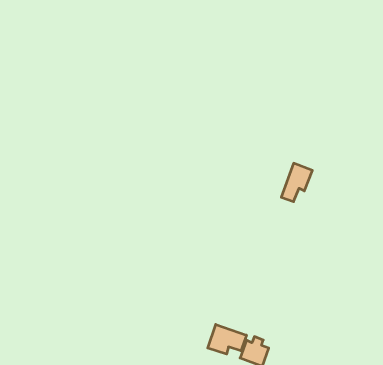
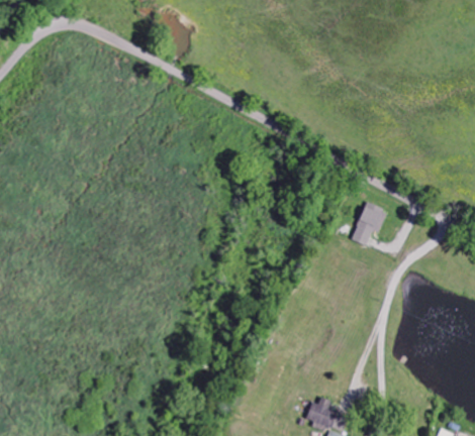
building: [208,324,246,354] -> none

